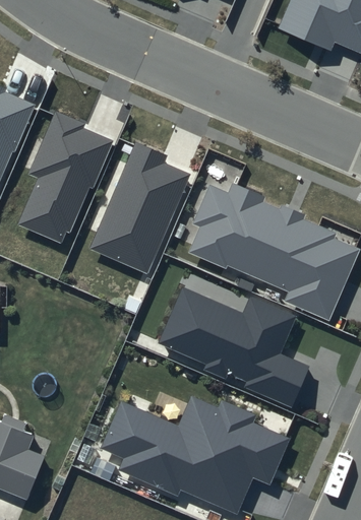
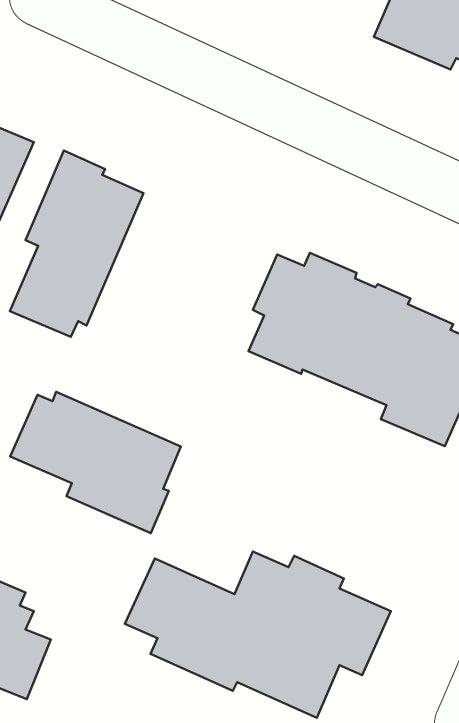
building: [89,142,191,274] -> none
building: none -> [10,392,181,533]
building: [158,285,311,408] -> none

